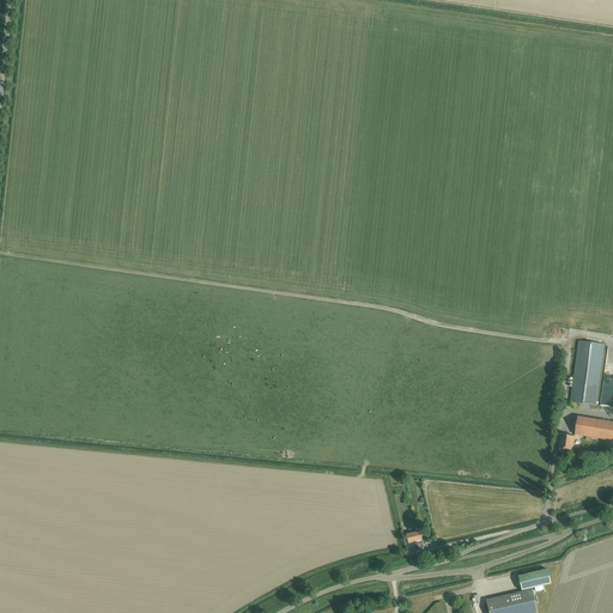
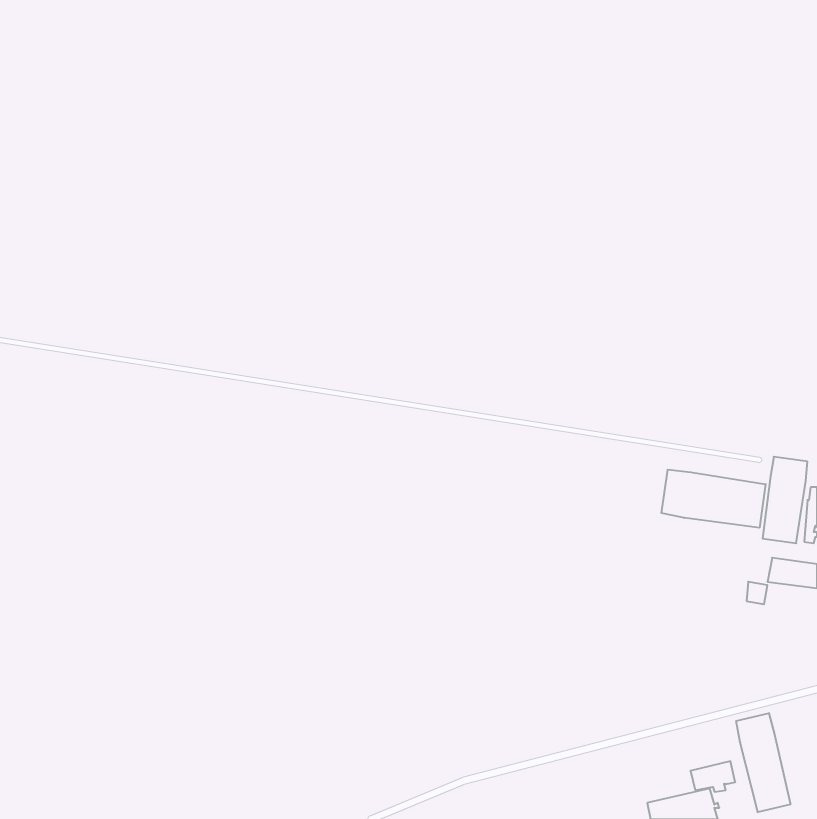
building: none -> [661,470,766,528]
building: none -> [736,713,790,812]

